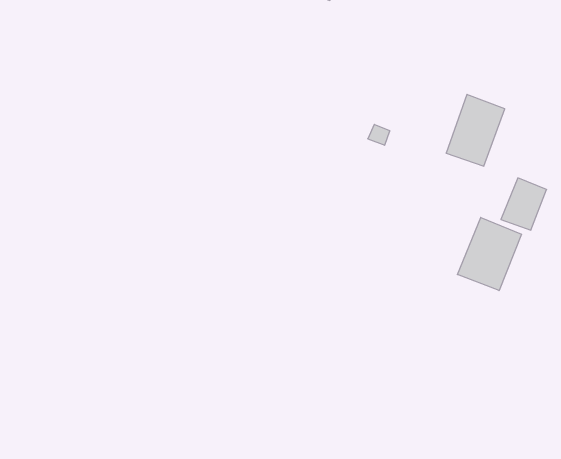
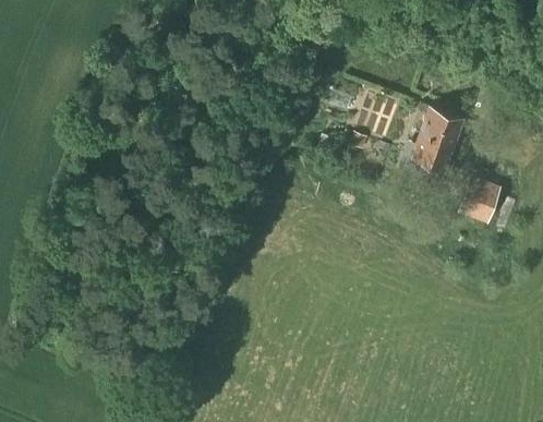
building: [457,217,521,291] -> none

